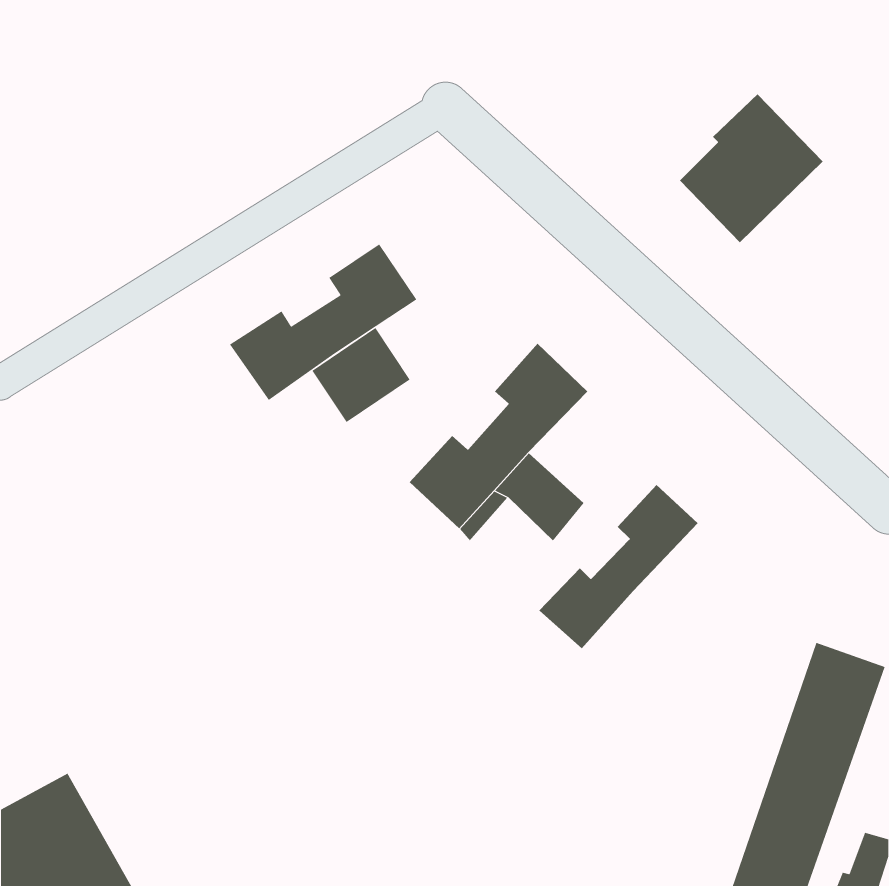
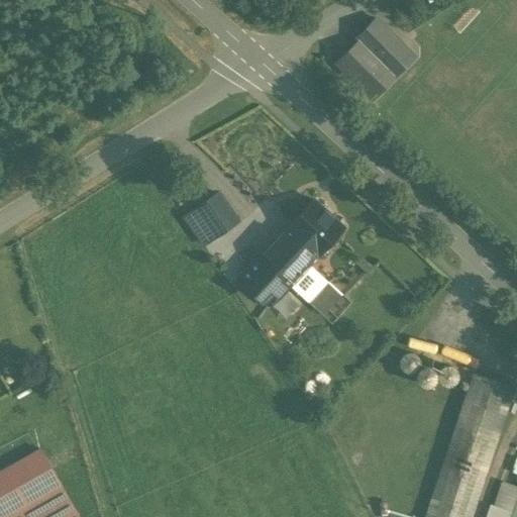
building: [679,93,823,243] -> [333,15,417,102]
building: [229,244,417,401] -> none
building: [538,484,699,649] -> none

